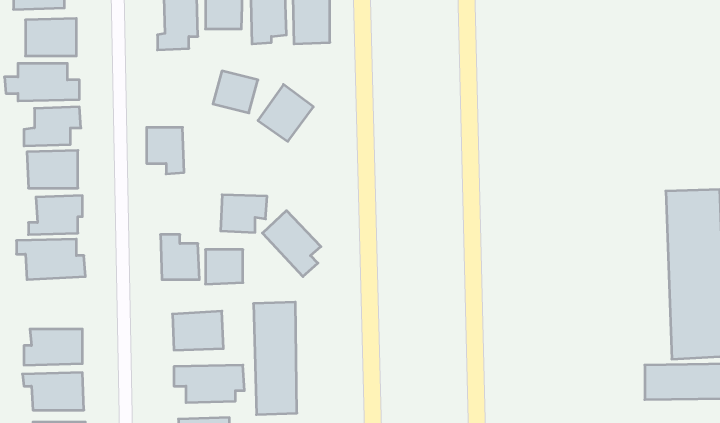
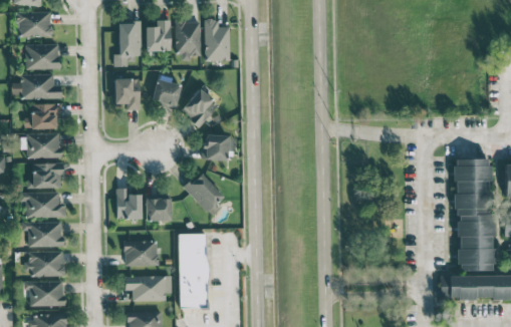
building: [147,127,184,174] -> [115,79,141,110]
building: [221,195,267,232] -> [204,135,235,160]
building: none -> [24,222,63,247]

